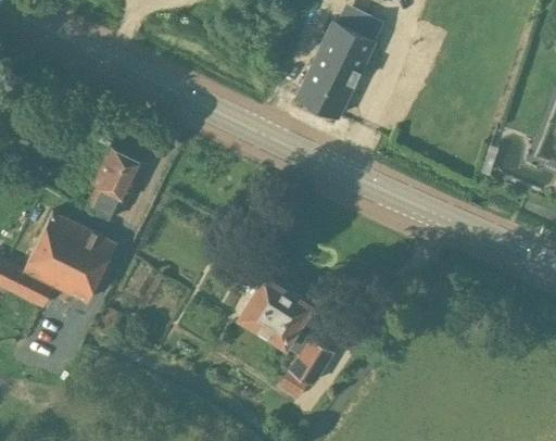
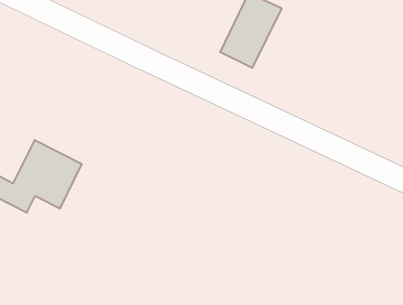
building: [85,149,143,221] -> none
building: [237,276,332,385] -> none

